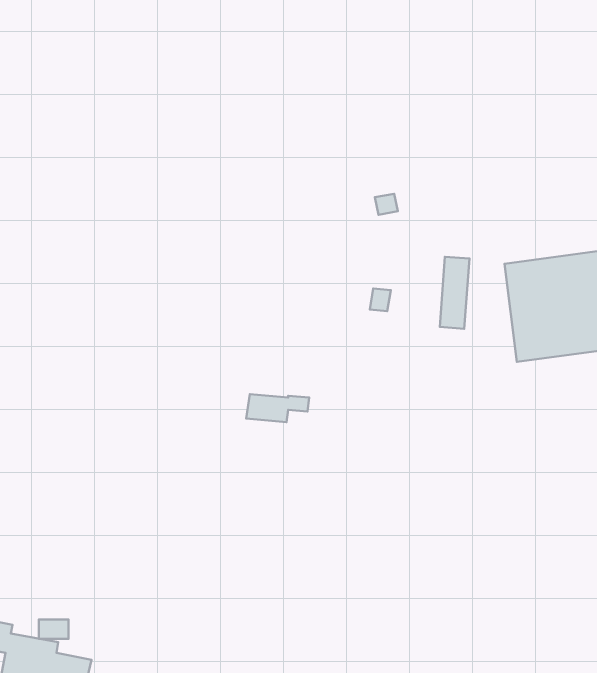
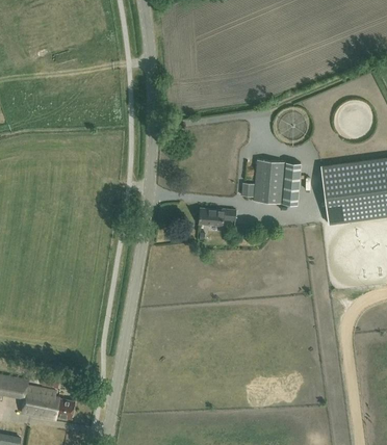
building: none -> [254,160,286,204]
building: [246,394,309,422] -> [199,209,236,226]

